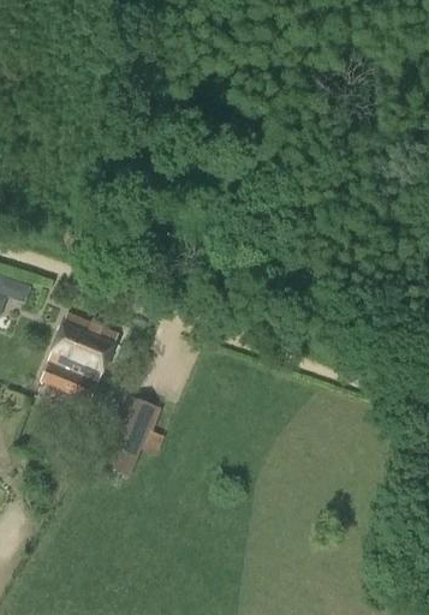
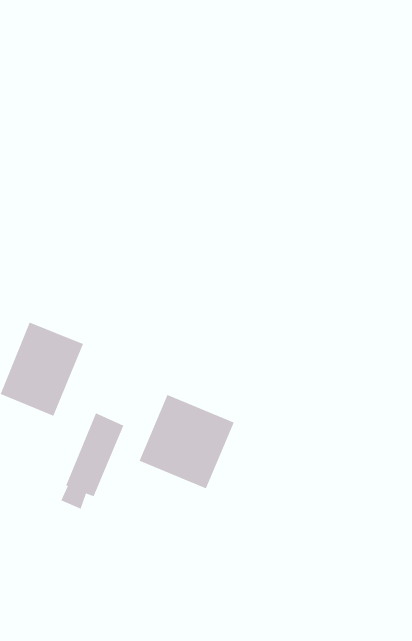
building: none -> [139,394,235,489]

